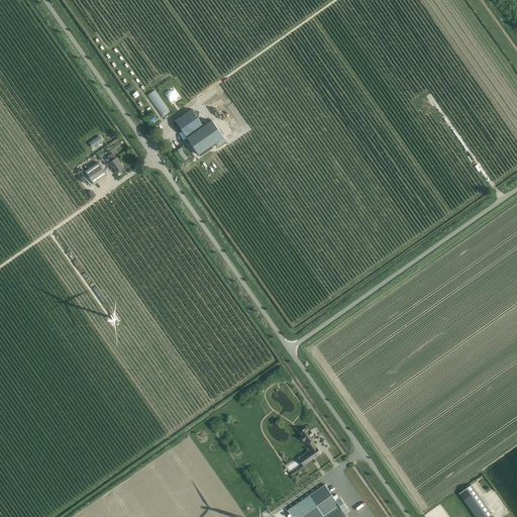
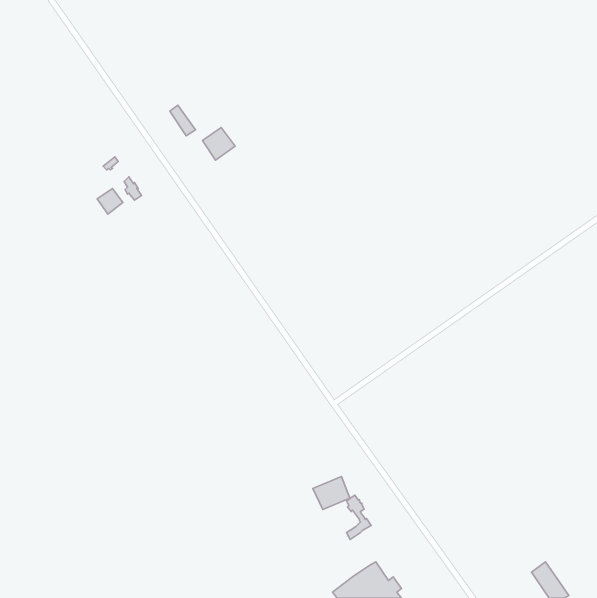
building: [186,120,222,154] -> none
building: none -> [313,476,350,510]

